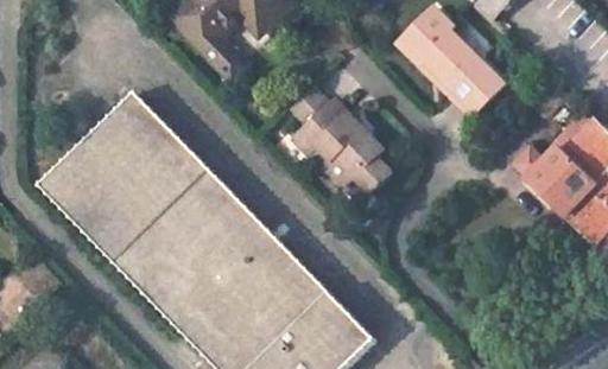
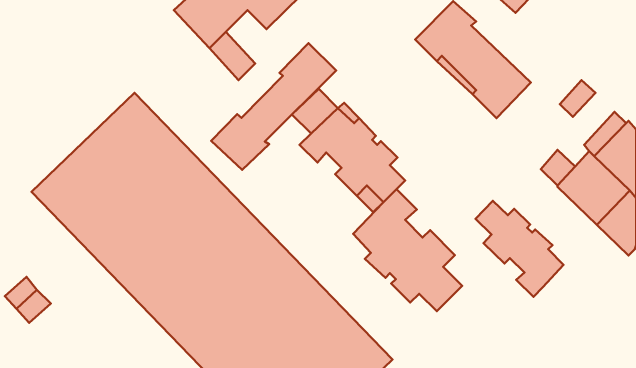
building: none -> [211,43,336,170]
building: none -> [353,189,462,311]
building: none -> [476,201,563,297]

